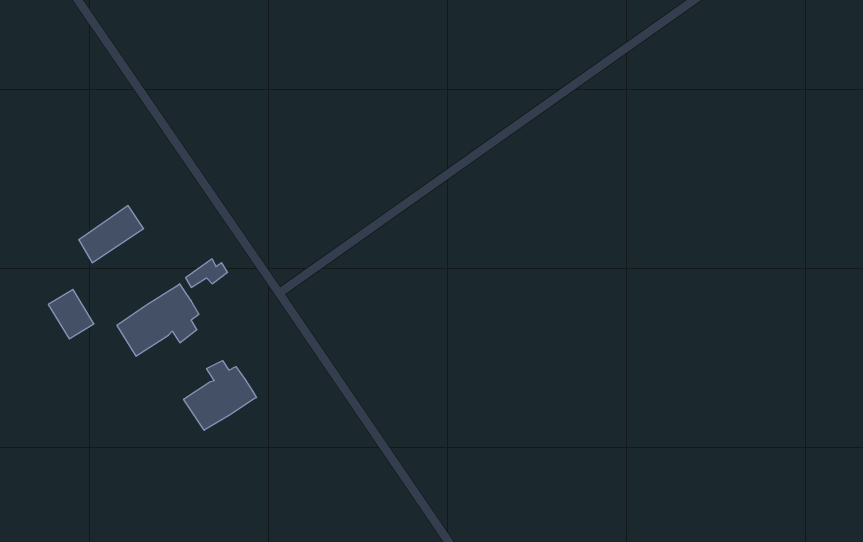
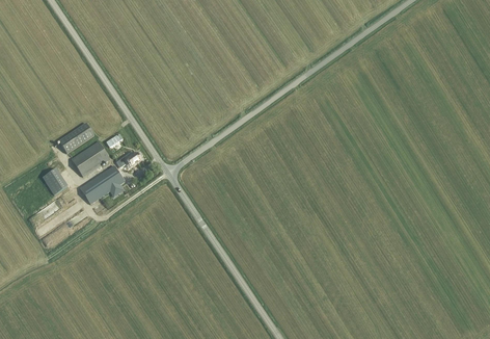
building: none -> [71,140,110,176]
building: [184,361,257,430] -> none

